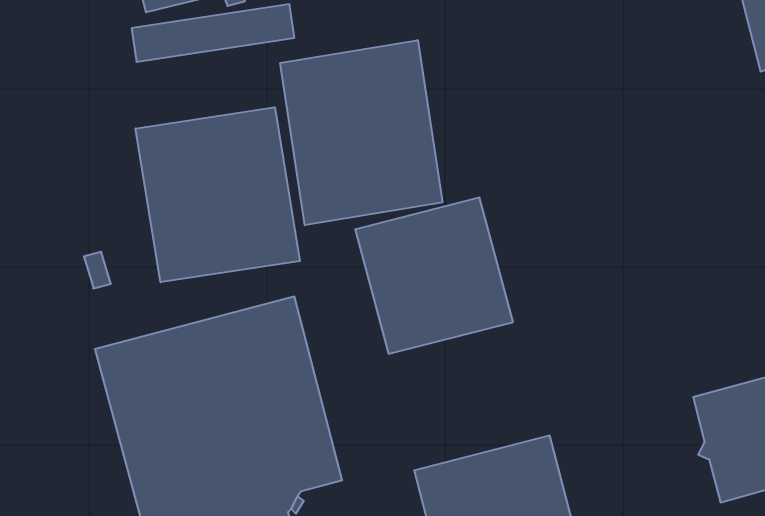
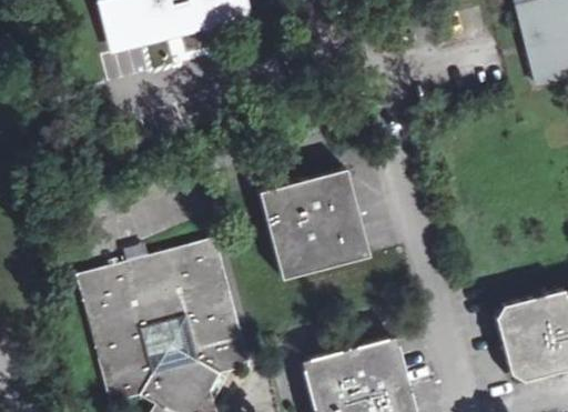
building: [280,40,442,225] -> none
building: [136,107,300,282] -> none

